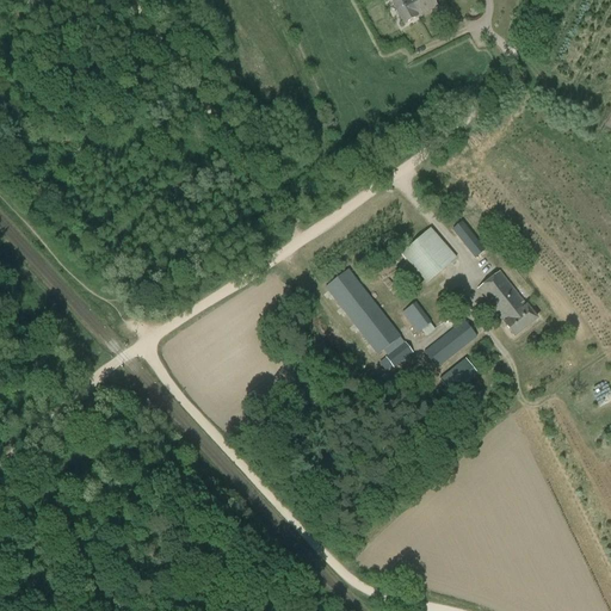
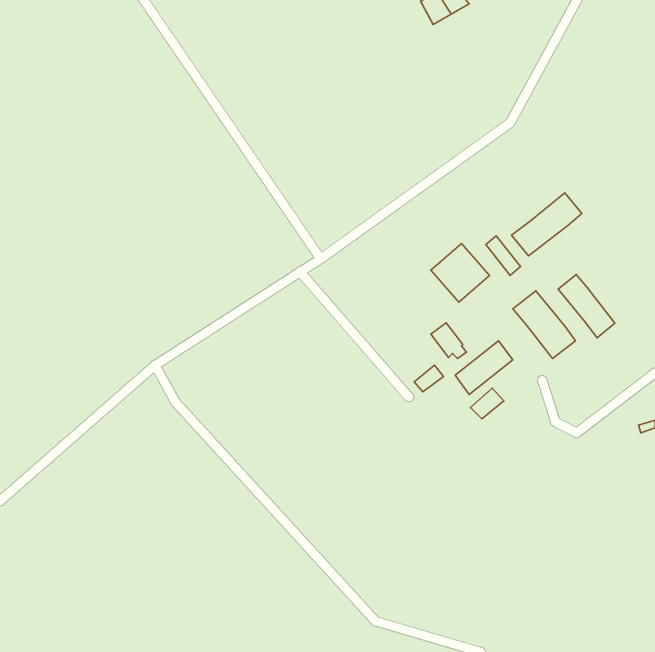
building: none -> [512,193,582,256]
building: none -> [558,274,615,338]
building: [325,267,401,353] -> none

